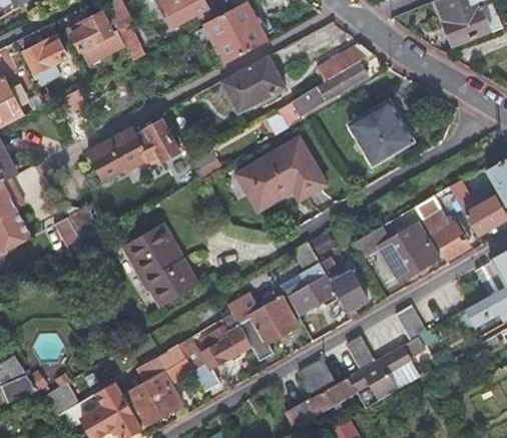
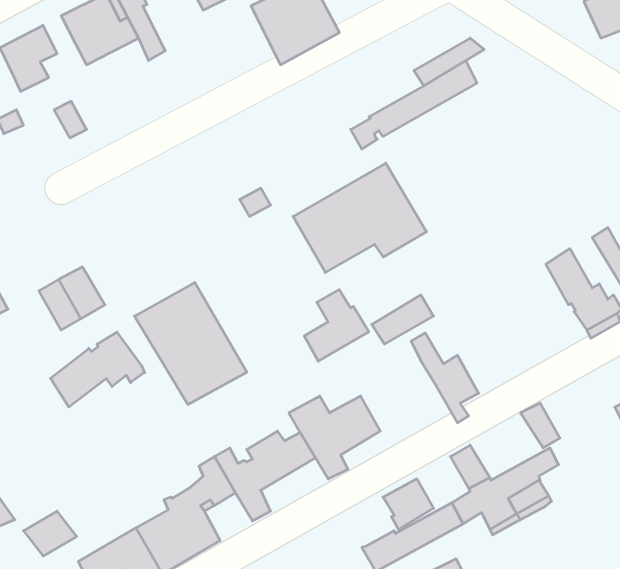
building: [221,54,286,112] -> none
building: [347,99,415,166] -> none
building: [87,120,178,180] -> none
building: [354,223,438,278] -> none
building: none -> [50,332,145,407]
building: [291,264,337,315] -> [304,290,369,361]

